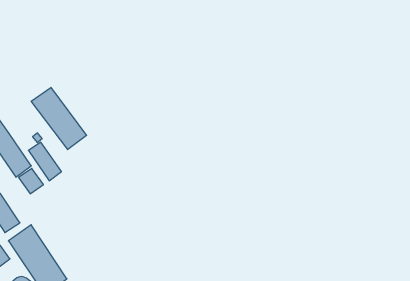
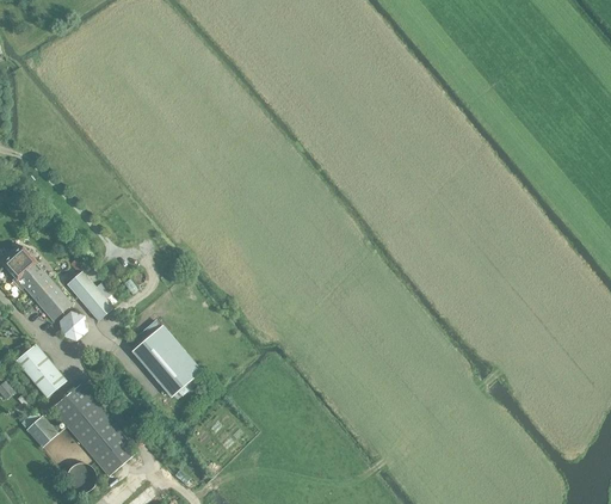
building: [31,87,87,150] -> none
building: none -> [132,319,199,395]

